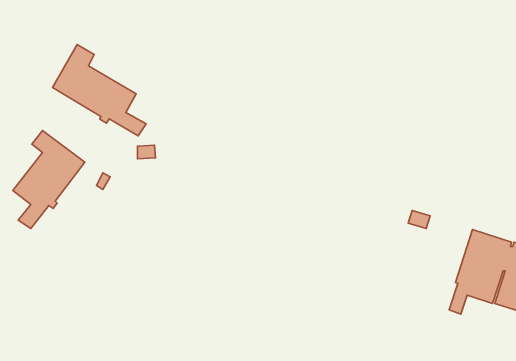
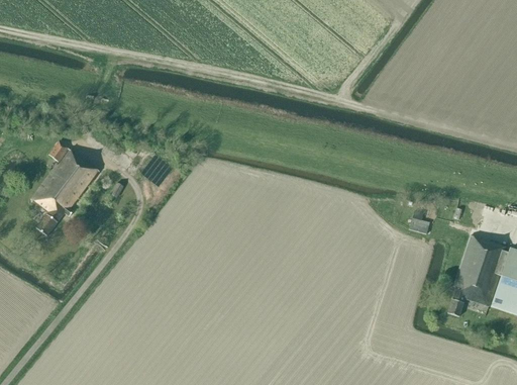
building: [52,44,146,136] -> none

